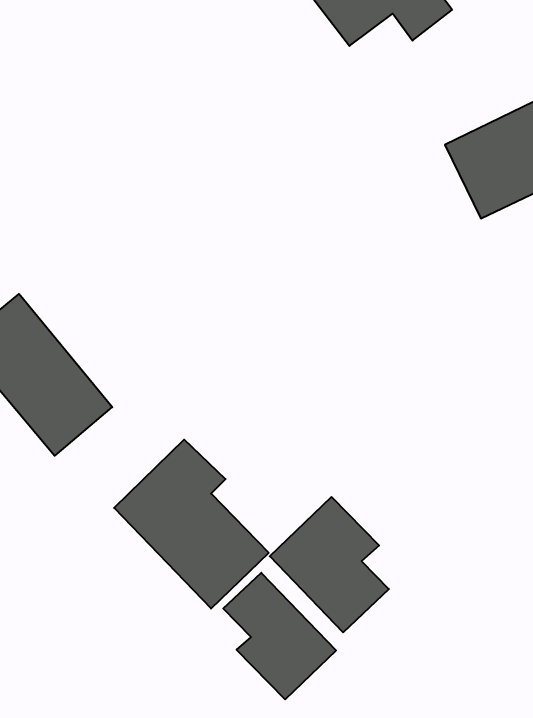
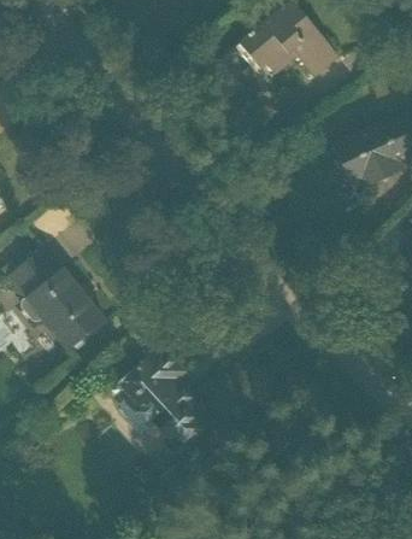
building: [270,497,389,632] -> none
building: [223,573,336,699] -> none

